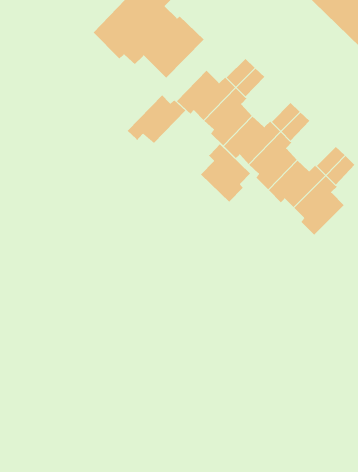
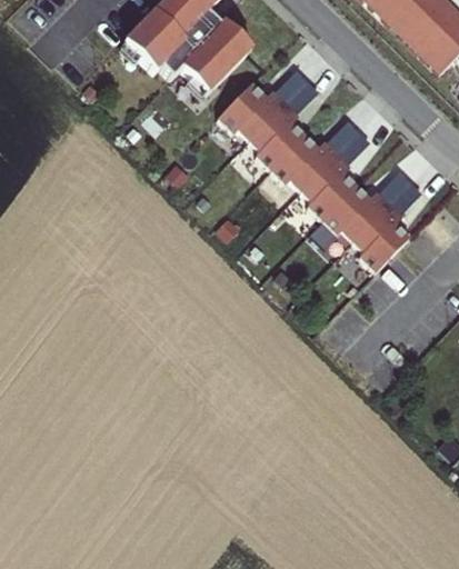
building: [127,94,186,144] -> none
building: [200,144,251,203] -> none

